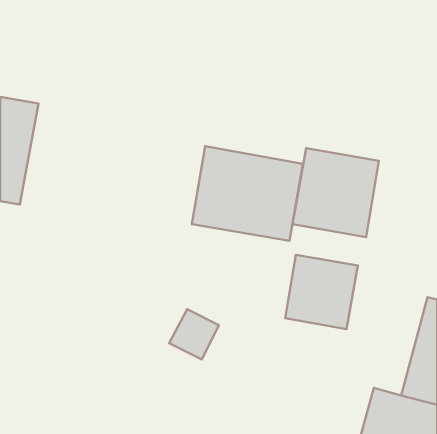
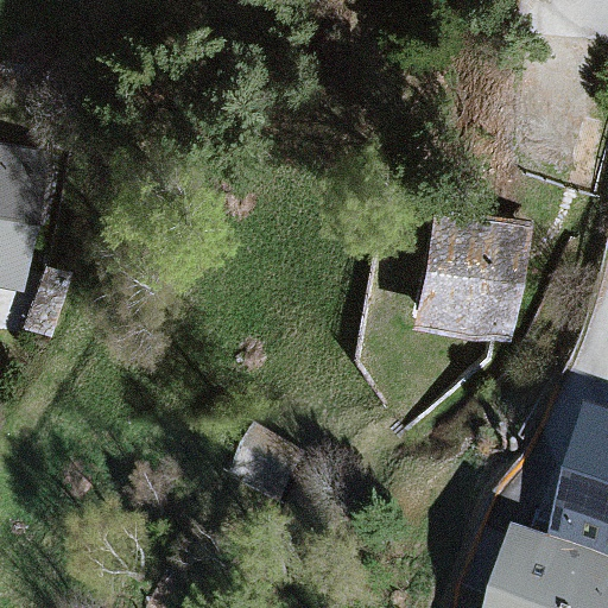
building: [192,146,303,241] -> none
building: [285,255,358,329] -> none

